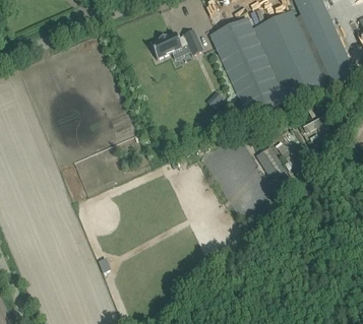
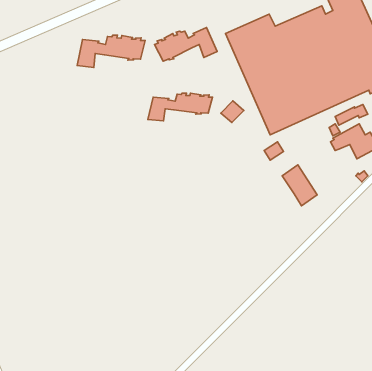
building: none -> [77,35,145,68]
building: none -> [148,93,213,121]

